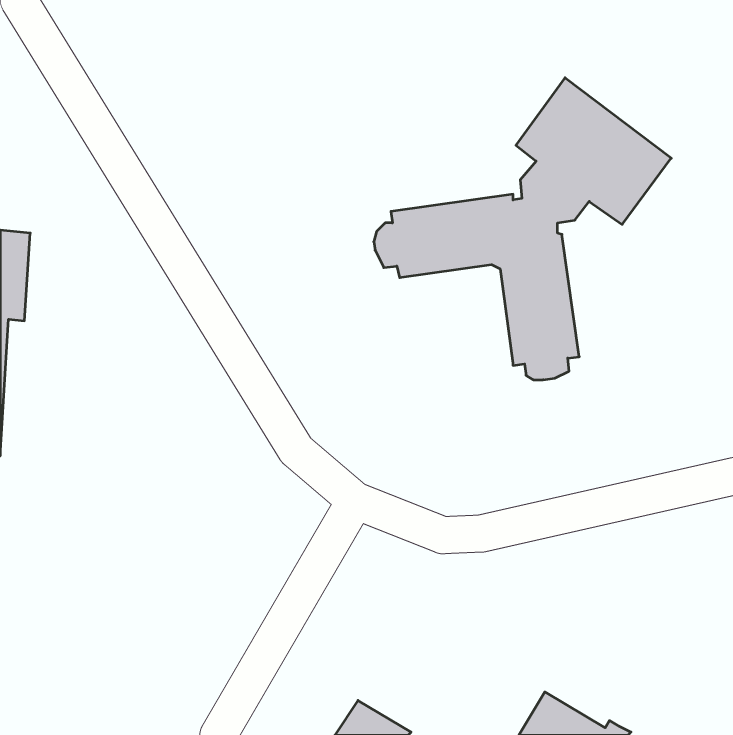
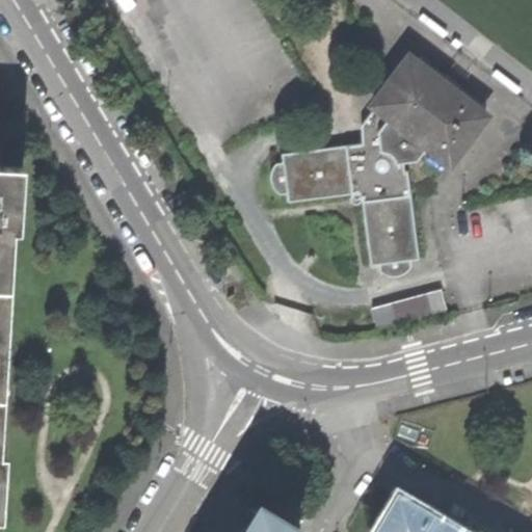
building: none -> [373,288,448,327]

